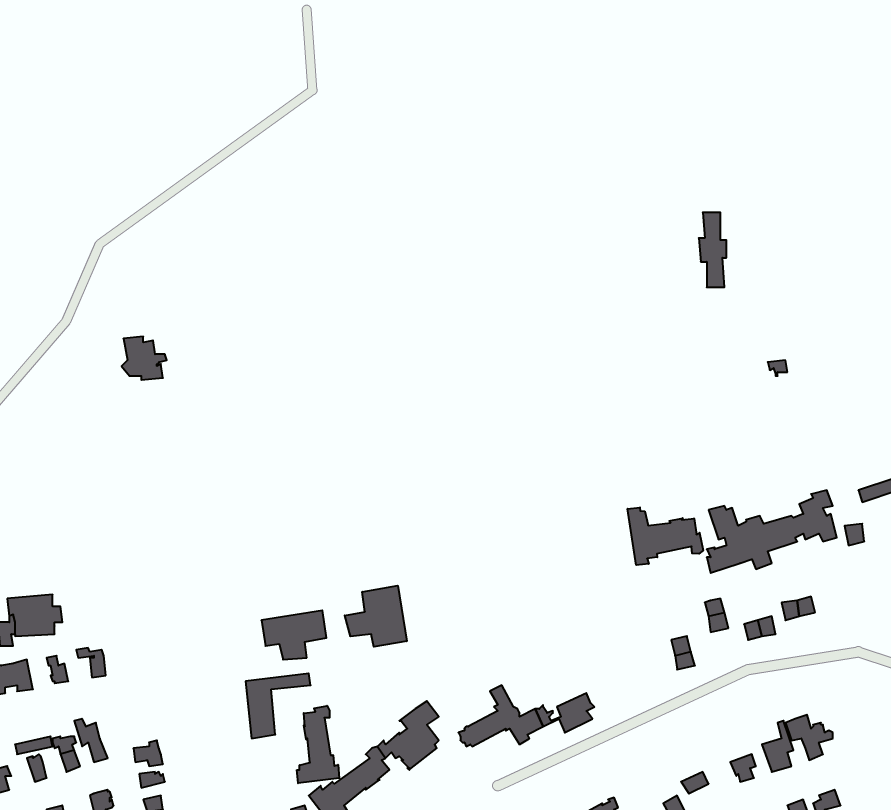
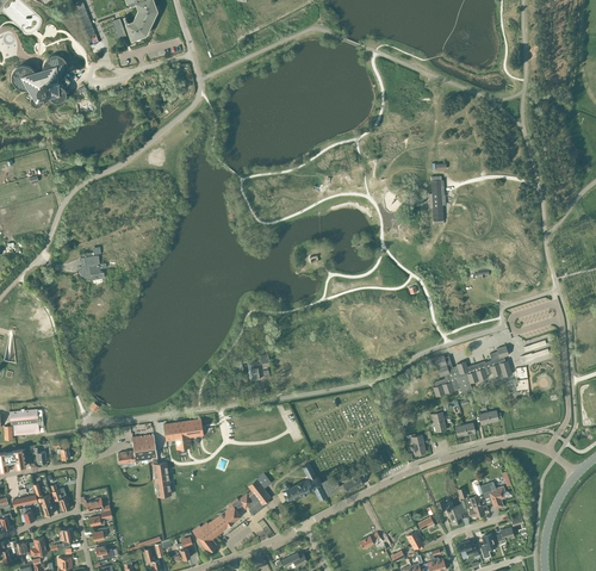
building: none -> [11,55,69,107]
building: [628,507,703,565] -> none
building: [345,586,407,647] -> none
building: none -> [118,434,156,463]
building: [297,706,339,783] -> none

